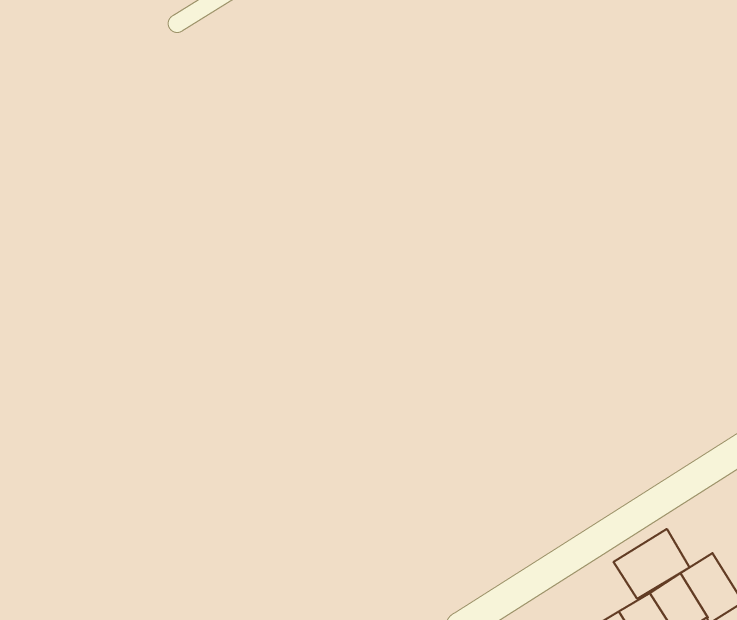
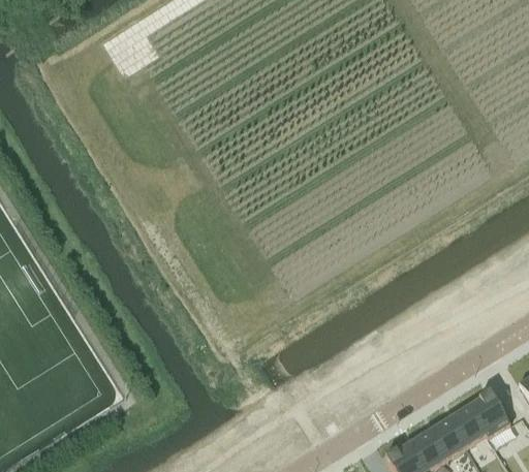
building: [614,529,690,599] -> none

